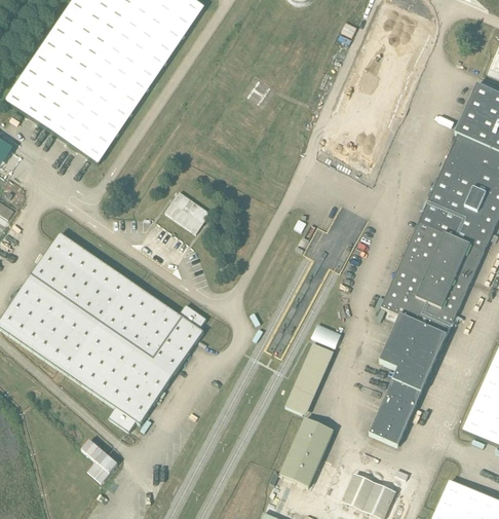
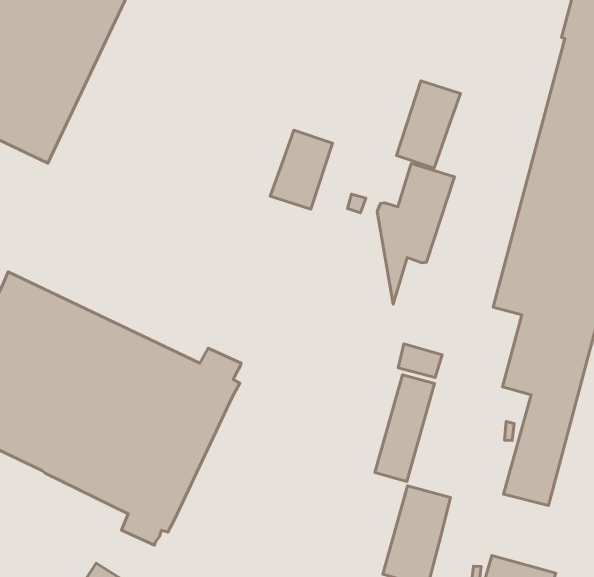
building: none -> [396,81,460,168]
building: none -> [270,130,332,209]
building: [165,190,210,232] -> none

